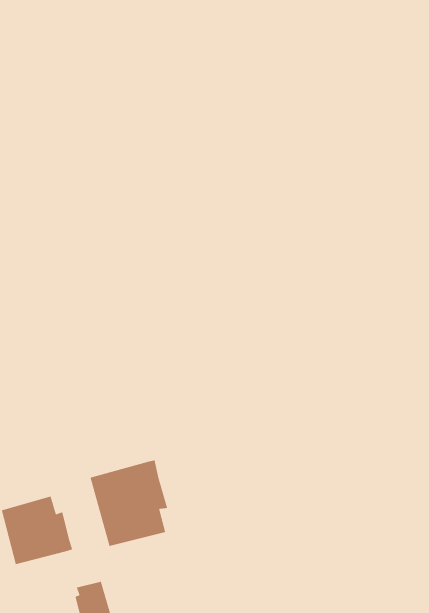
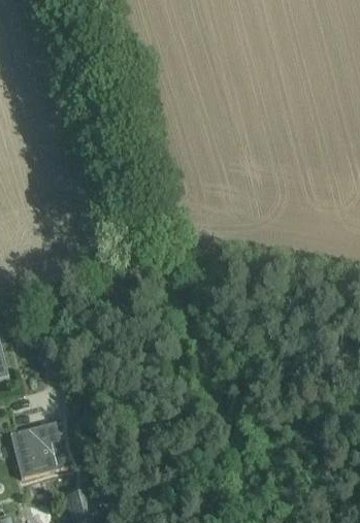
building: [90,460,168,547] -> none

